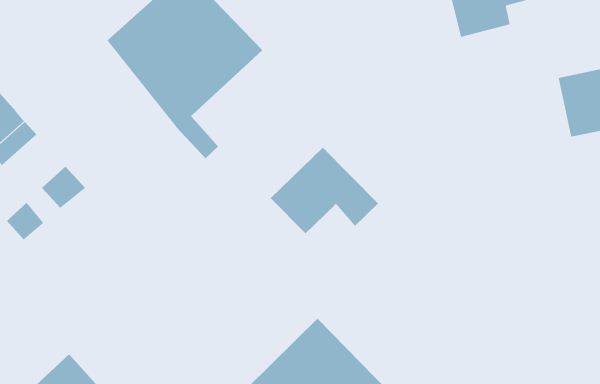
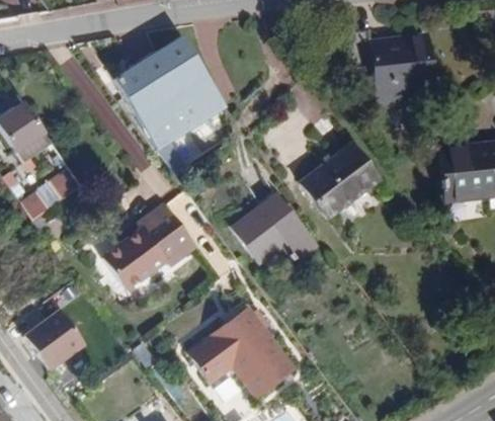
building: none -> [304,142,380,213]
building: none -> [104,204,197,289]

